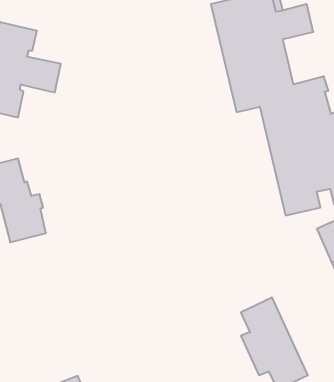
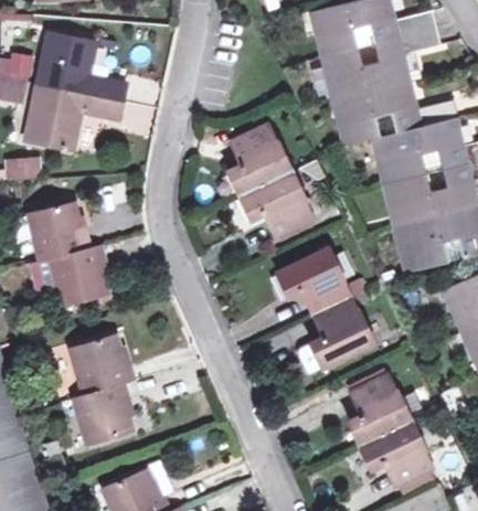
building: none -> [229,124,312,236]
building: none -> [277,248,372,373]
building: none -> [71,334,131,445]

